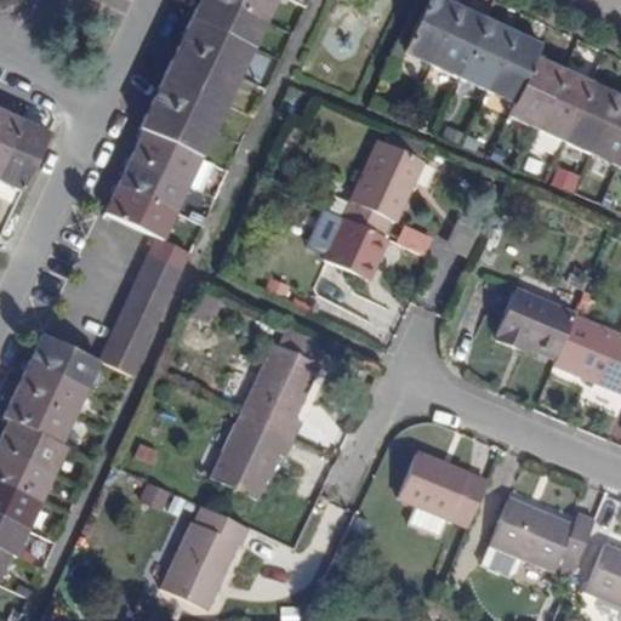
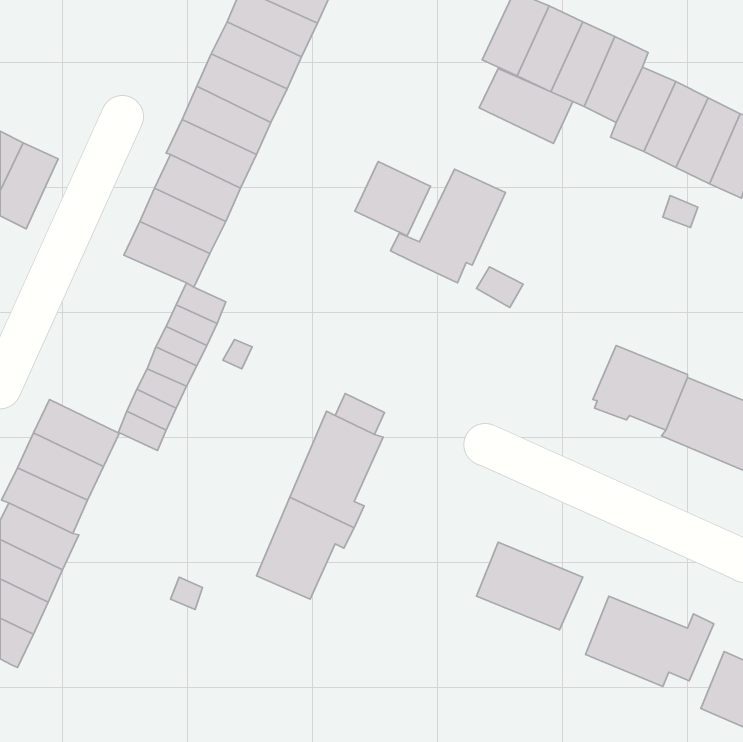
building: none -> [479,68,573,144]
building: [324,217,387,279] -> [355,162,430,236]
building: [160,505,249,609] -> none

